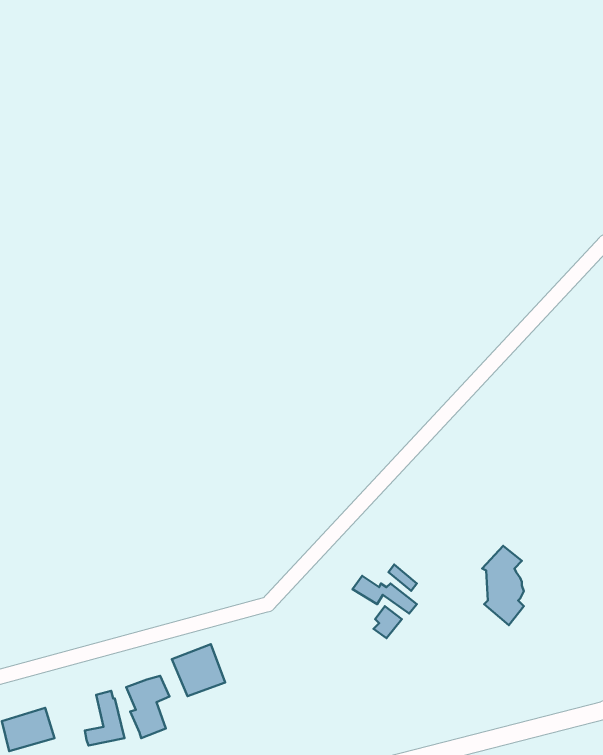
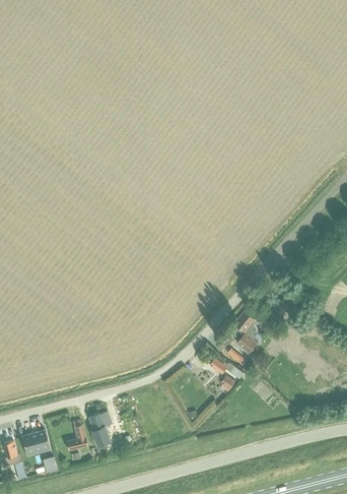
building: [482,546,524,625] -> [234,311,257,354]
building: [172,644,225,696] -> none

